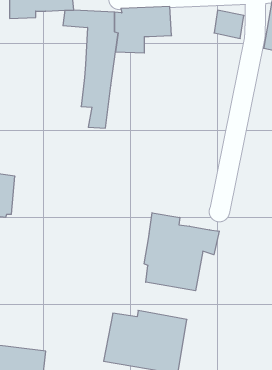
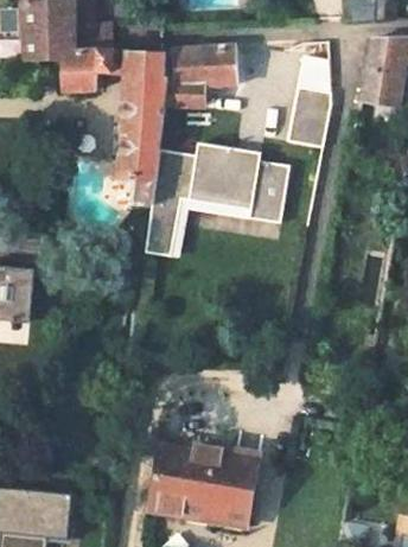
building: none -> [60,51,98,91]
building: none -> [283,81,329,142]
building: none -> [145,141,283,256]
building: [144,213,219,291] -> none

